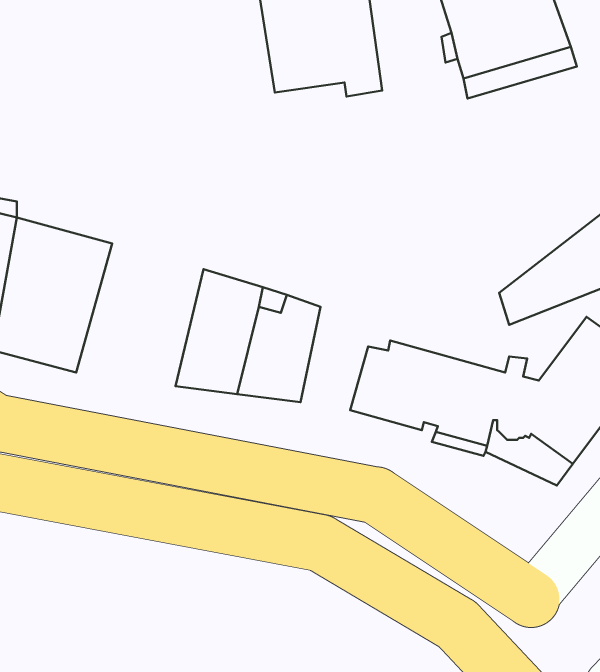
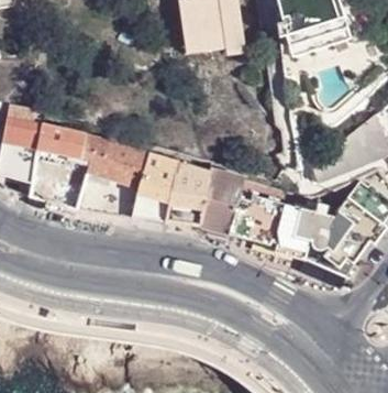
building: none -> [76,137,146,216]
building: none -> [200,170,243,231]

